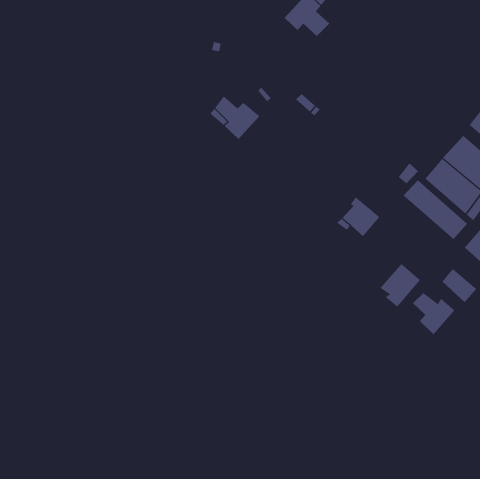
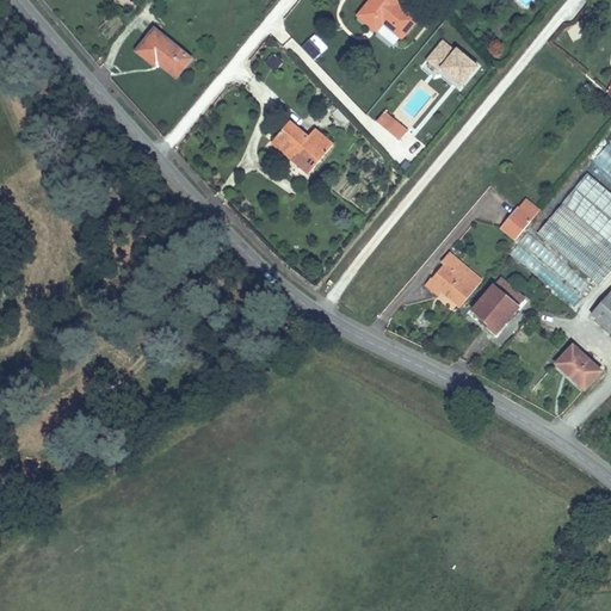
building: none -> [135,31,192,79]
building: none -> [422,35,481,87]
building: [379,263,421,308] -> [475,273,527,329]
building: [412,292,455,335] -> none

